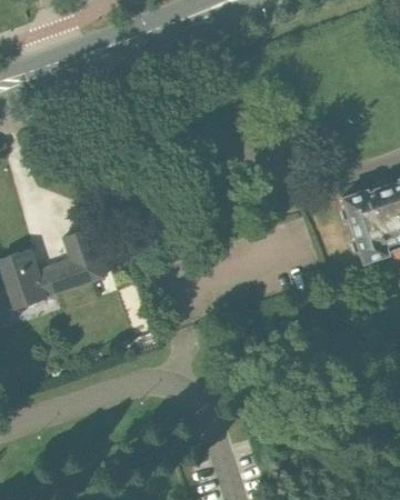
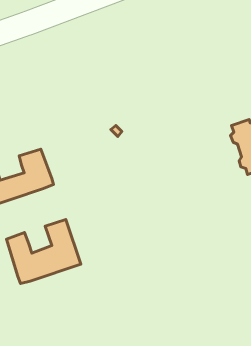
building: none -> [7,219,81,284]

